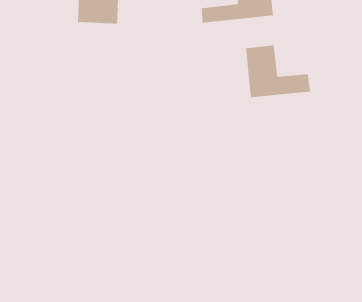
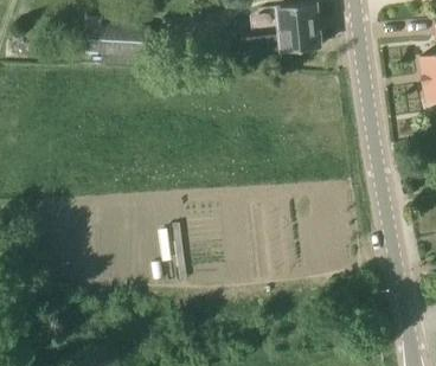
building: [245,44,311,98] -> none

